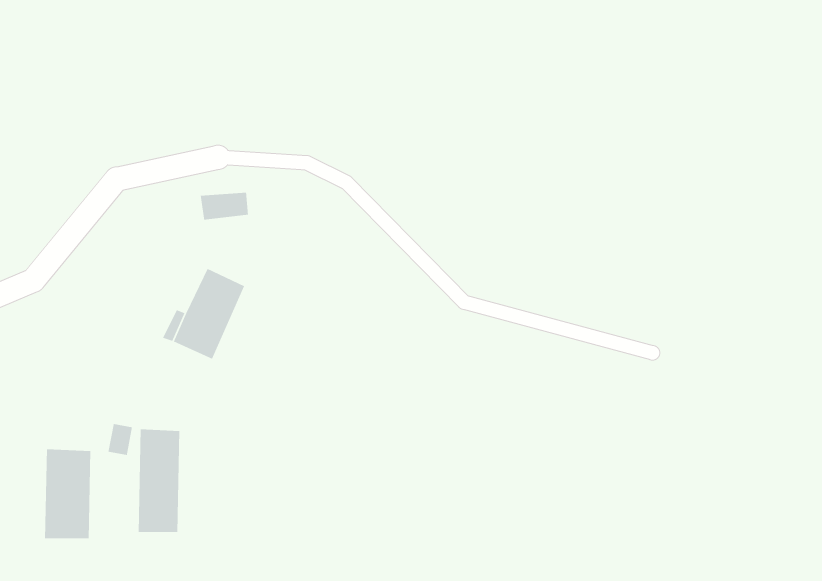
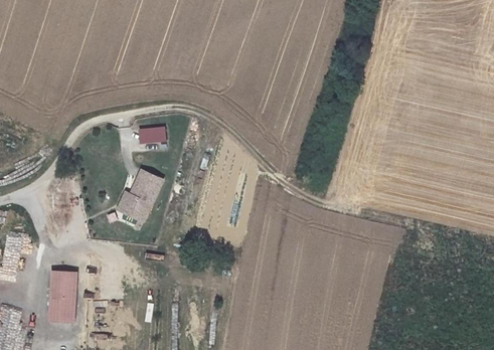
building: [138,429,180,533] -> none

